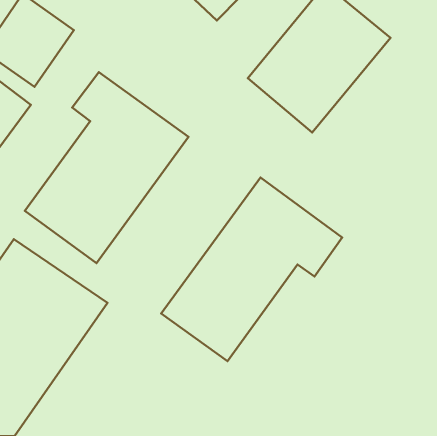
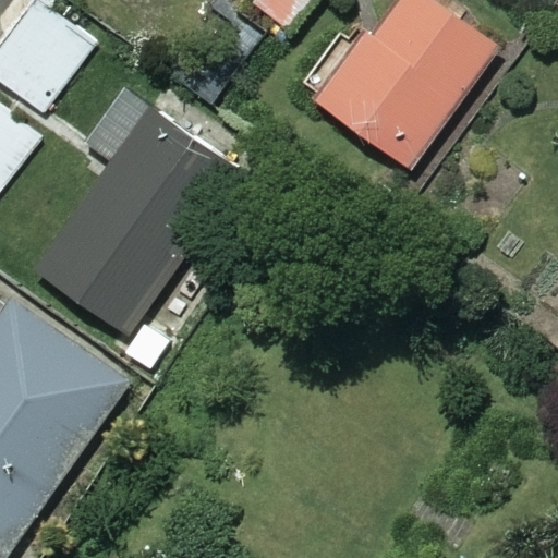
building: [161,177,342,361] -> none

